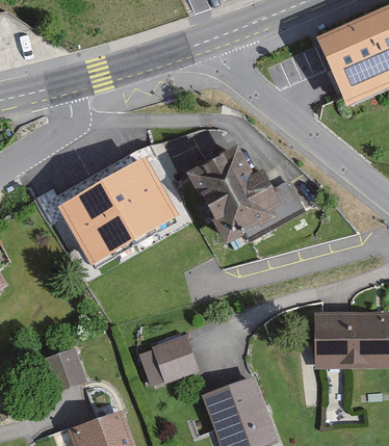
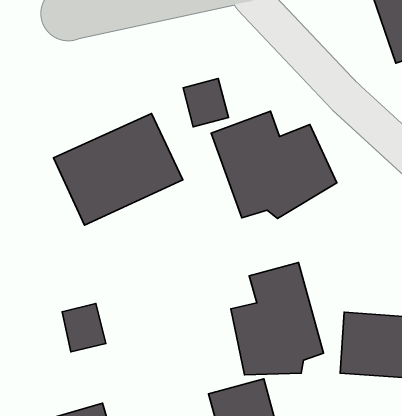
building: none -> [231,262,324,375]
building: [153,336,199,381] -> none
building: [44,346,83,389] -> [62,304,106,352]

